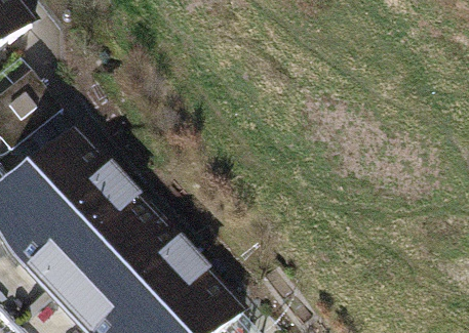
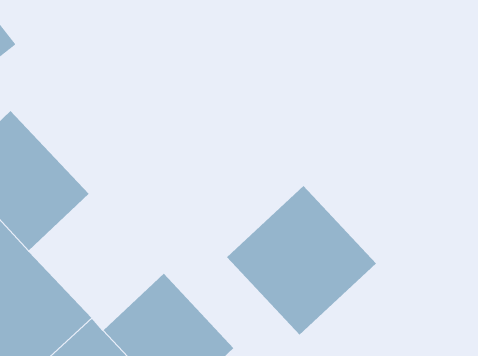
building: none -> [226,185,377,336]
building: [66,168,180,283] -> none

